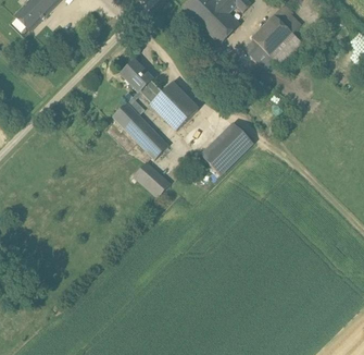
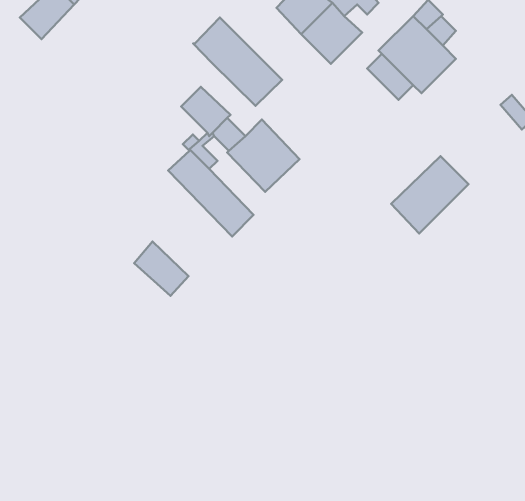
building: none -> [193,17,282,106]
building: [201,122,252,173] -> [391,156,468,233]
building: [134,160,170,196] -> [134,242,189,296]

